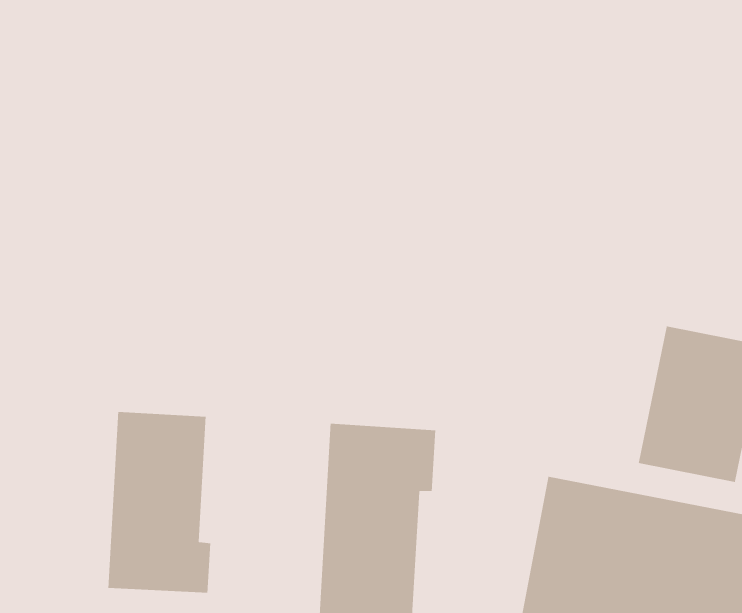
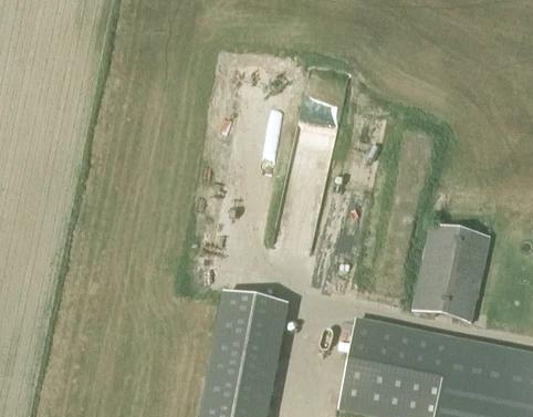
building: [107,411,211,594] -> none

